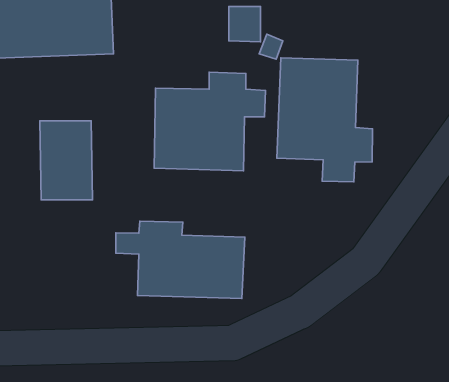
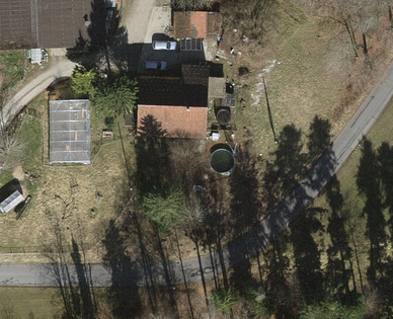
building: [277,58,373,182] -> none
building: [116,221,245,298] -> none

